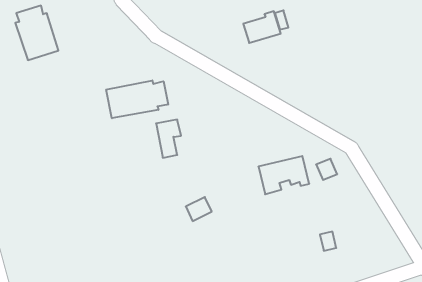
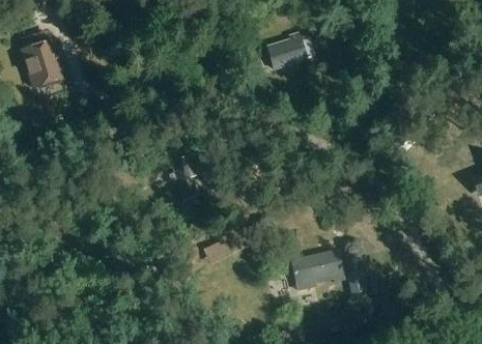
building: [106,80,168,118] -> none
building: [258,156,309,194] -> [290,250,345,291]

